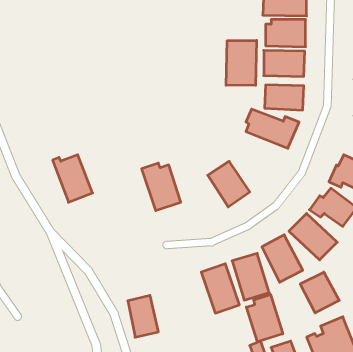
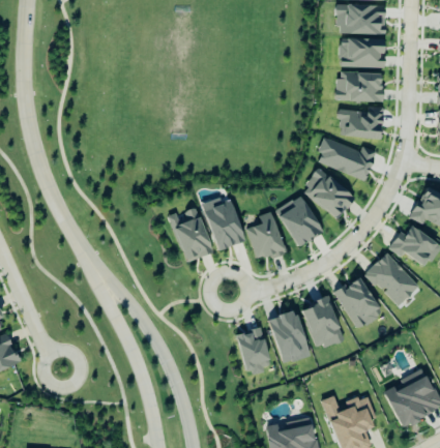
building: [226,40,257,85] -> none
building: none -> [301,170,355,219]
building: [53,155,93,202] -> [169,210,213,263]
building: none -> [247,211,286,260]
building: [300,272,339,313] -> none
building: [246,295,283,342] -> none
building: [128,295,158,337] -> [237,328,271,375]

